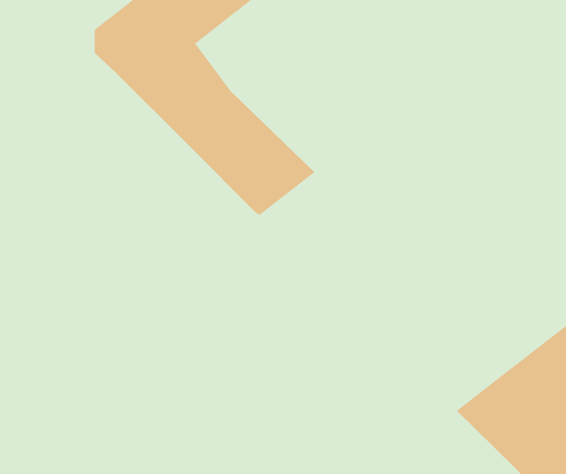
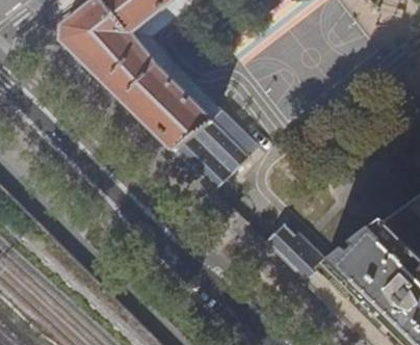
building: none -> [176,118,248,187]
building: none -> [267,222,332,280]

